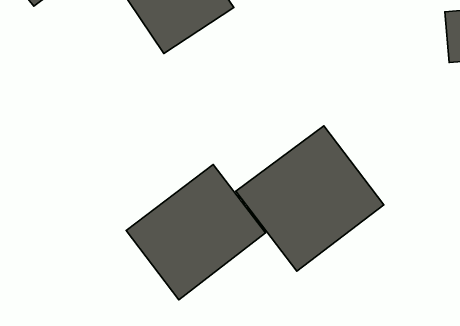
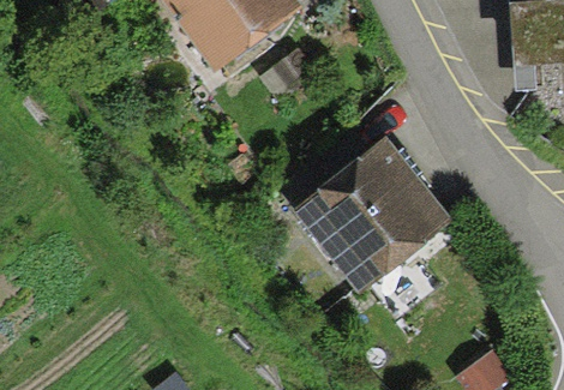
building: [126,165,265,300] -> none

